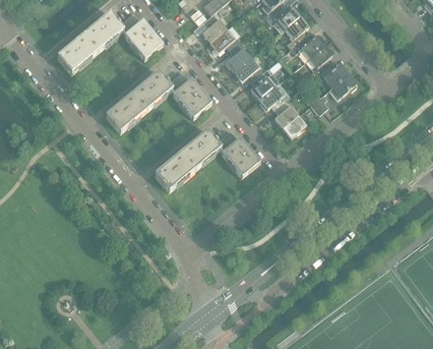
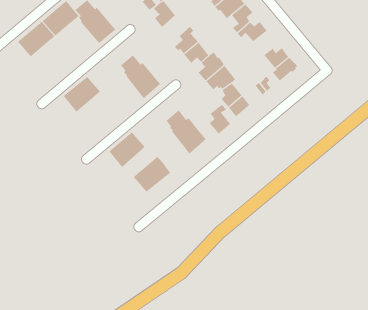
building: [210,27,241,52] -> none
building: [308,44,331,74] -> none
building: [131,70,171,109] -> none
building: none -> [209,104,231,135]
building: [179,129,220,168] -> [133,156,171,192]

